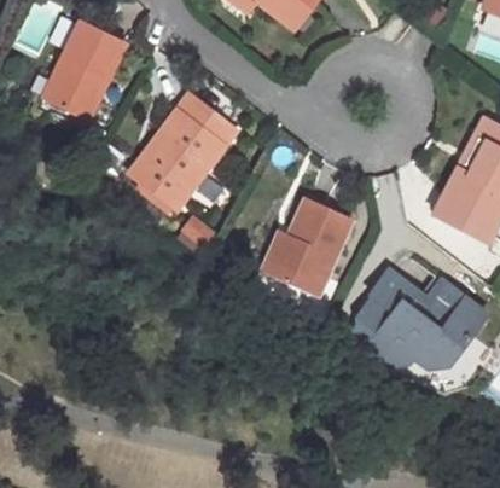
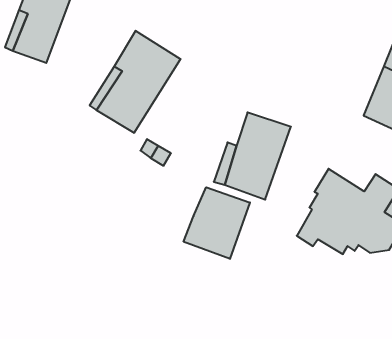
building: none -> [184,187,250,259]

